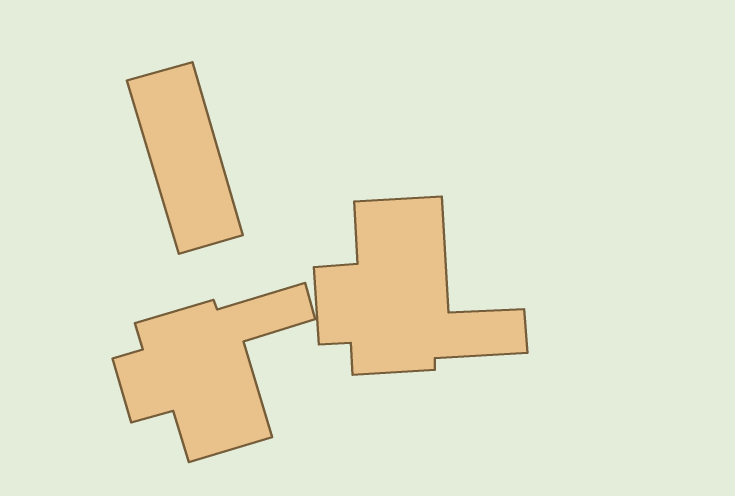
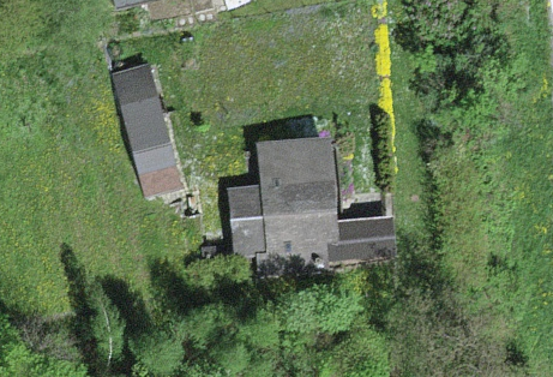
building: [113,283,315,462] -> none

